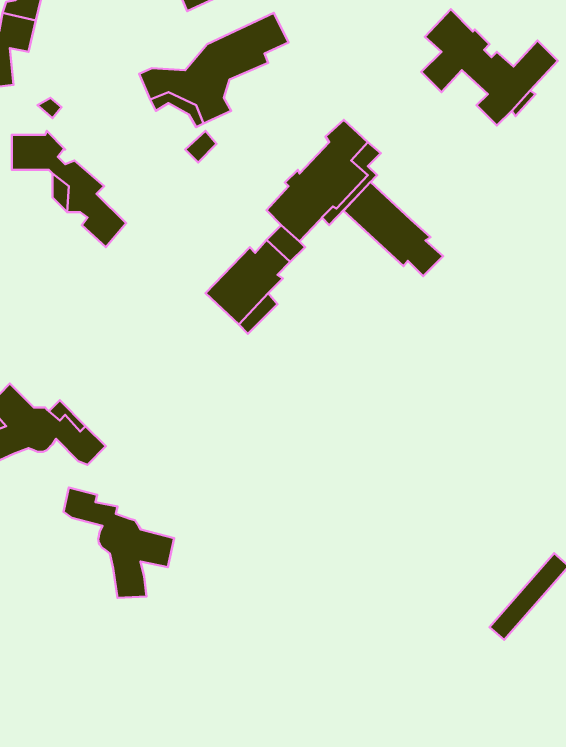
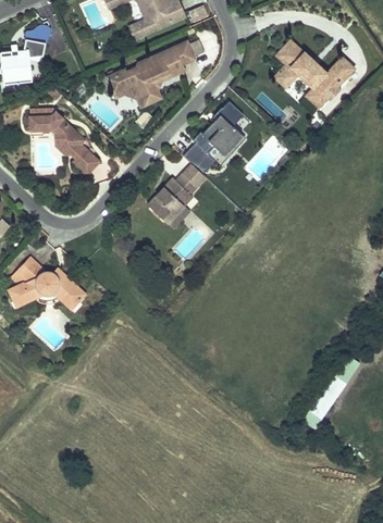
building: [343,182,443,276] -> none
building: [64,488,174,598] -> none

